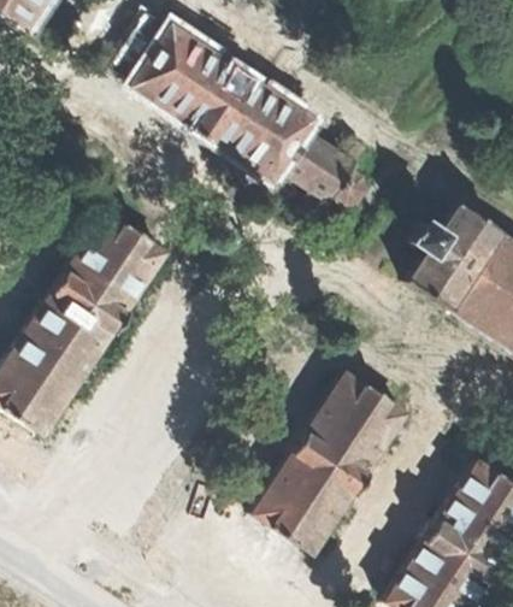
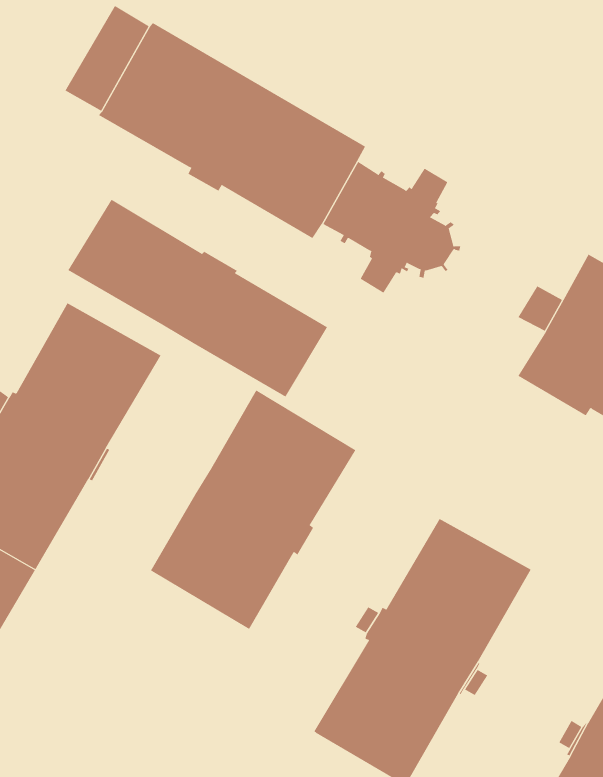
building: none -> [67,199,328,398]
building: none -> [150,389,356,630]

